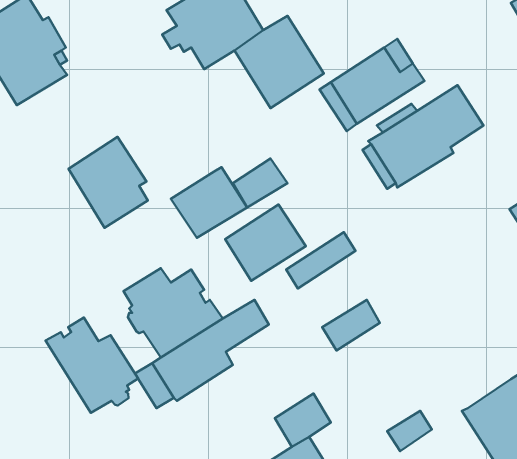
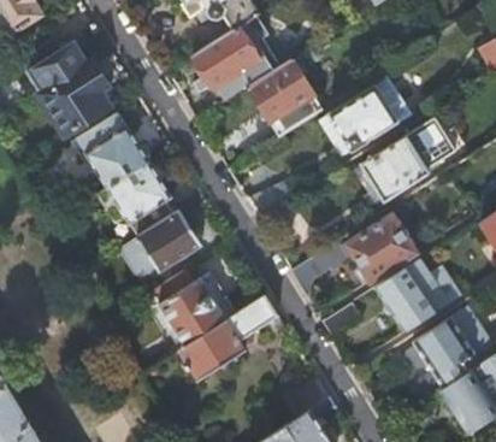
building: none -> [83,119,150,187]
building: [171,167,247,238] -> [140,210,203,269]
building: [225,204,306,281] -> [347,216,414,279]
building: none -> [374,265,460,331]
building: [45,317,138,413] -> none
building: none -> [406,317,479,387]

